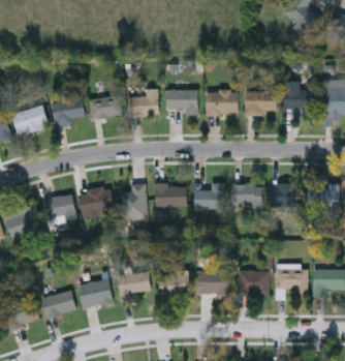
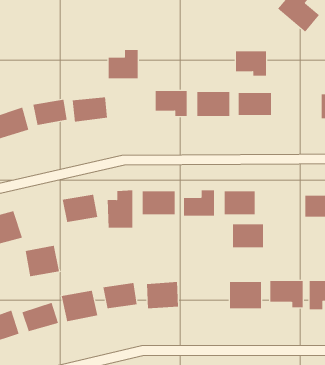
building: [129,90,158,118] -> [108,49,138,79]
building: [283,91,313,115] -> [235,51,267,76]
building: [269,185,299,208] -> [232,224,264,248]
building: [42,194,75,224] -> [25,245,60,277]
building: [198,271,229,295] -> none

